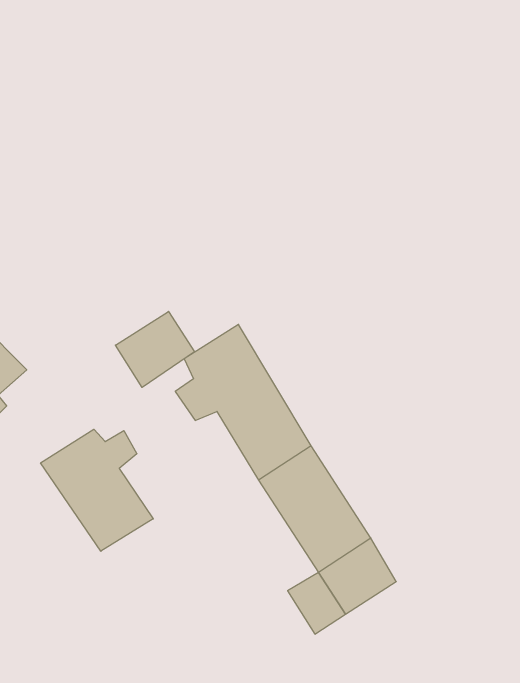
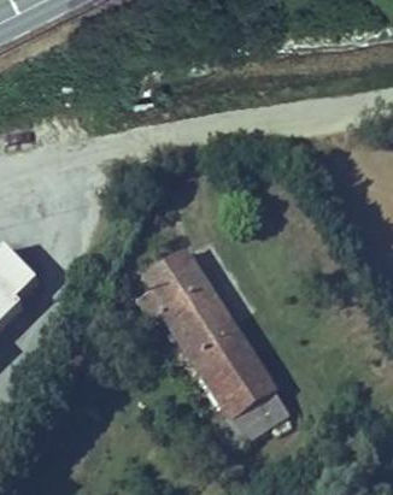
building: [115,311,195,387] -> none
building: [41,429,153,551] -> none

